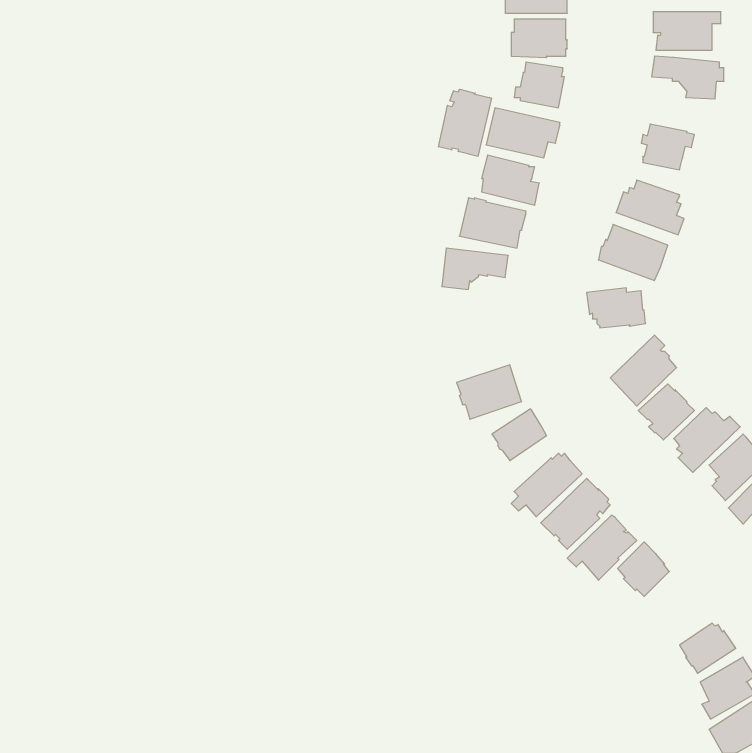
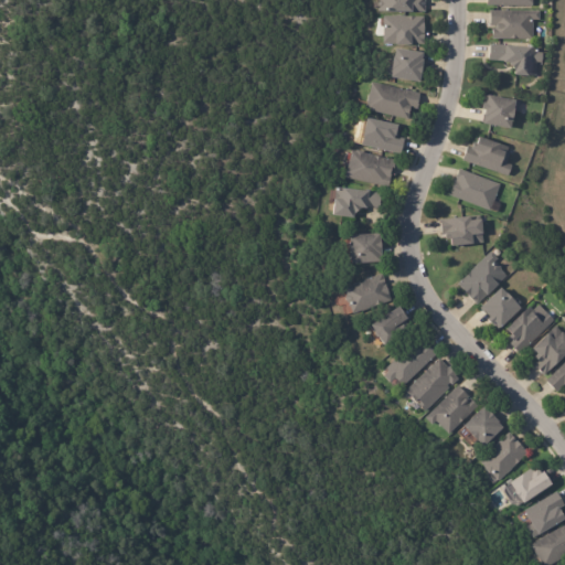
building: [438,89,491,156] -> none
building: none -> [345,232,381,262]
building: none -> [480,431,529,480]

